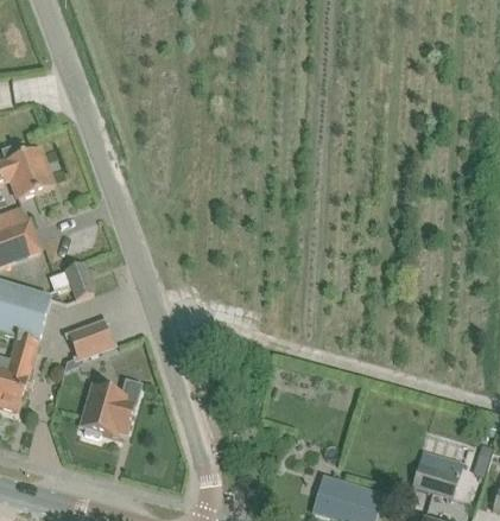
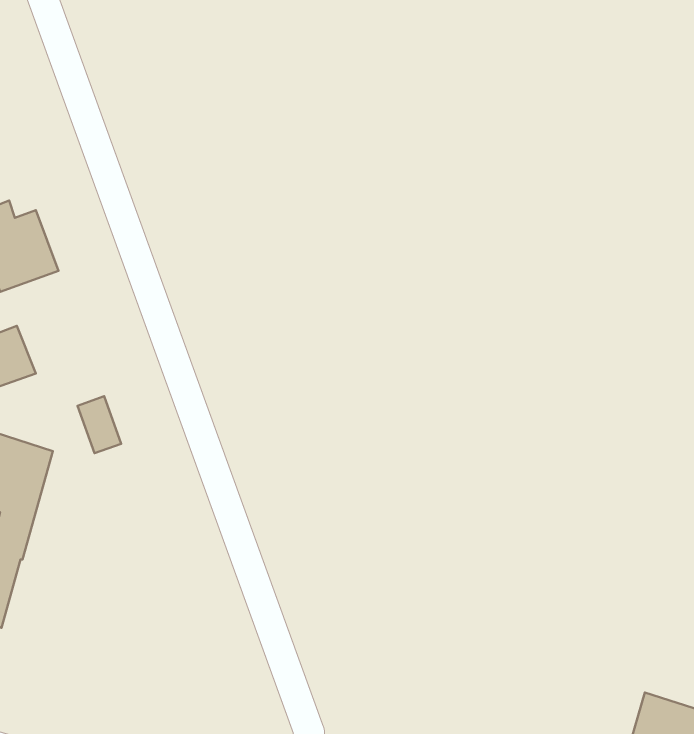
building: [67,318,112,358] -> none
building: [81,380,139,436] -> none

